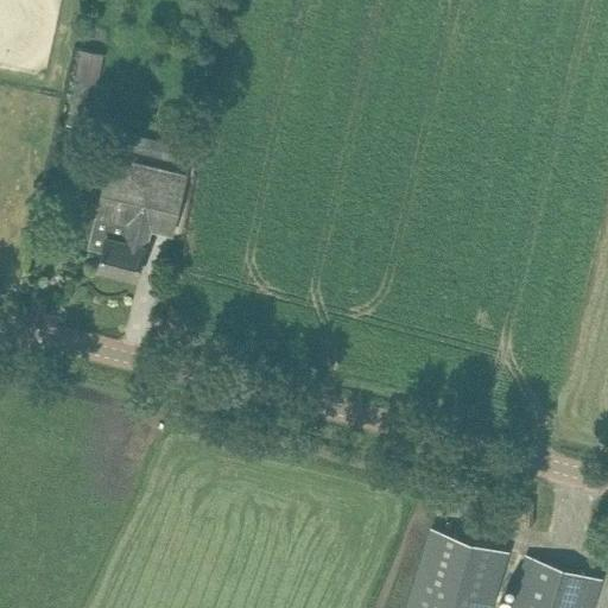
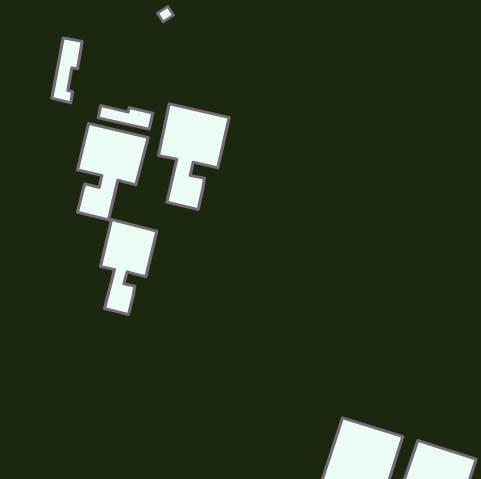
building: none -> [159,104,229,209]
building: none -> [101,220,157,314]

